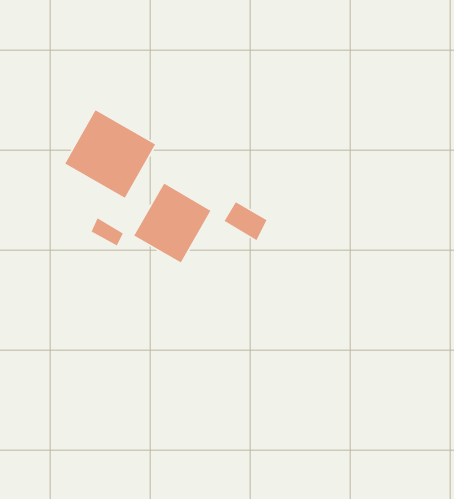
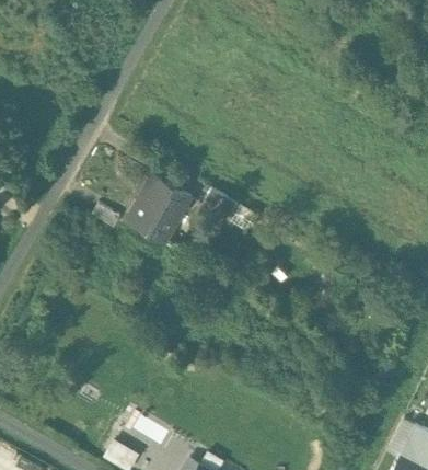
building: [64,109,156,199] -> none

